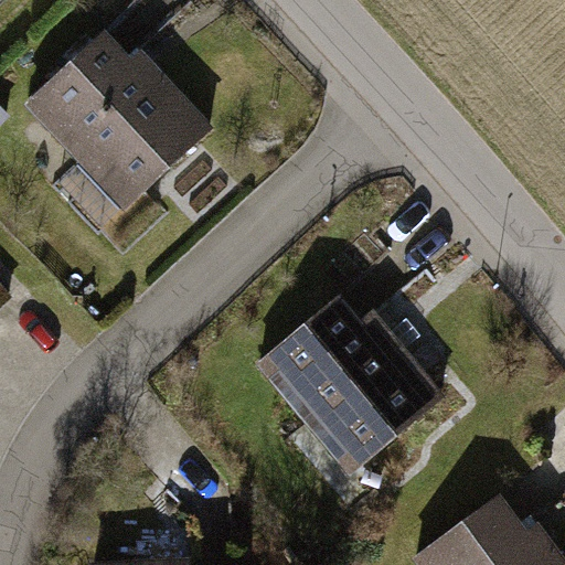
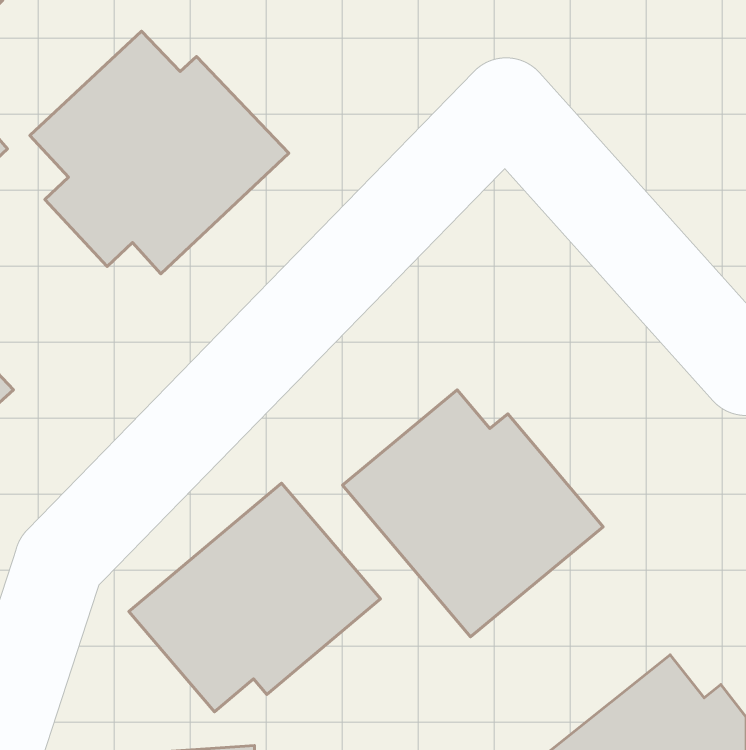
building: none -> [129,483,380,712]

